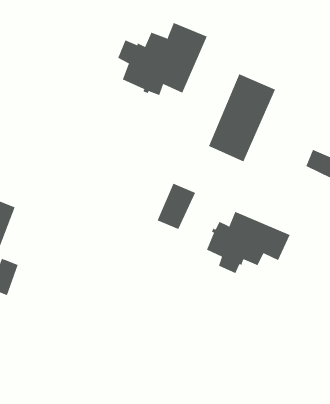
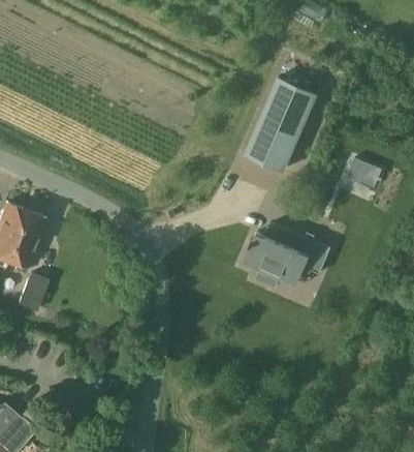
building: [117,22,208,96] -> none
building: [157,183,196,230] -> none

